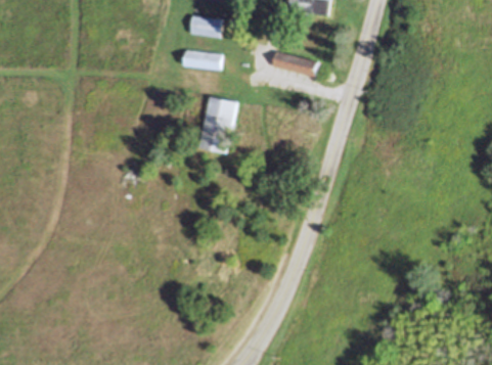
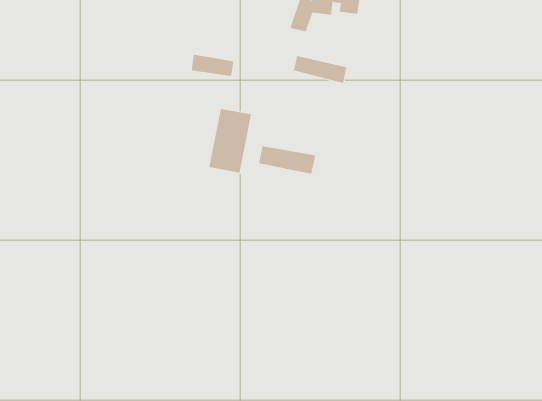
building: [188,13,222,39] -> none
building: none -> [259,145,316,174]

